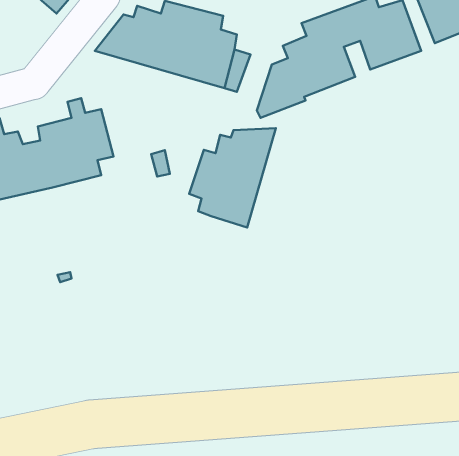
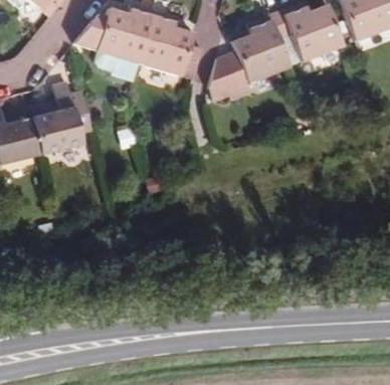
building: [189,128,276,228] -> none

